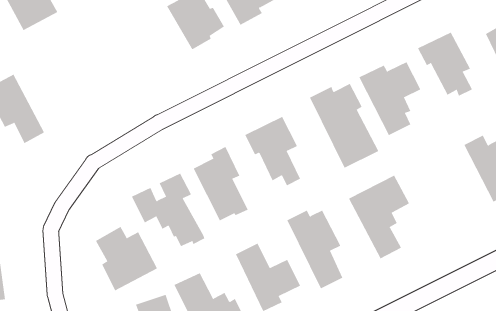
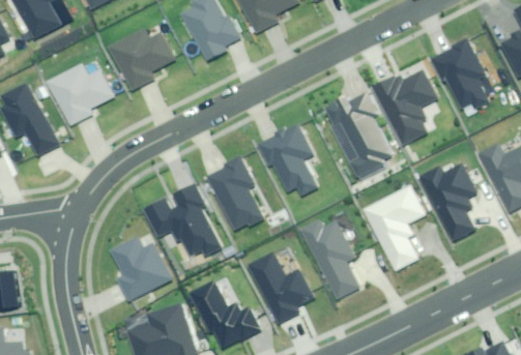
building: none -> [110,28,175,88]
building: none -> [47,58,119,122]
building: none -> [424,164,477,238]

